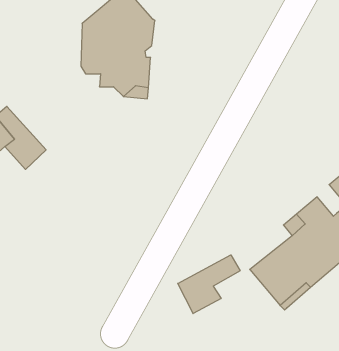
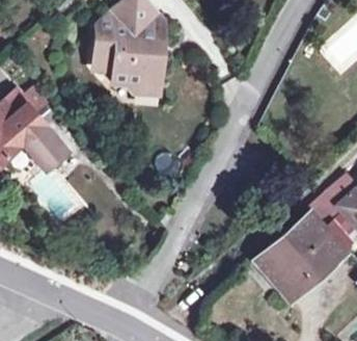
building: [178,255,240,314] -> none

